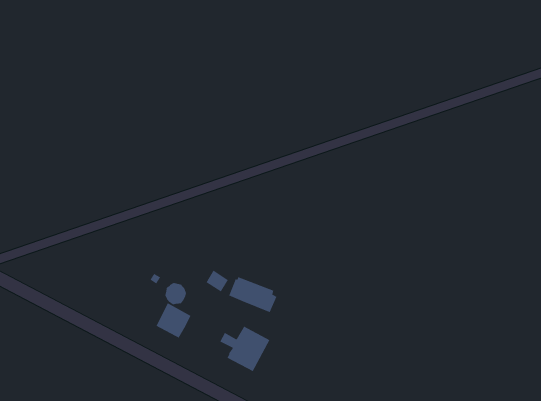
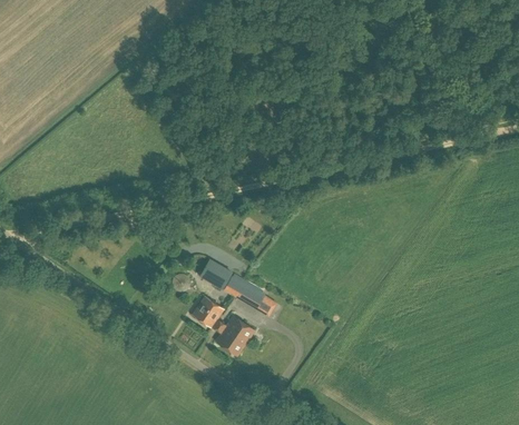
building: [156,302,191,339] -> [193,295,224,327]

